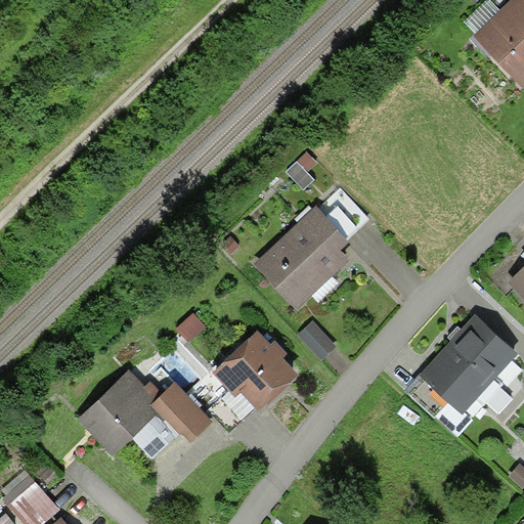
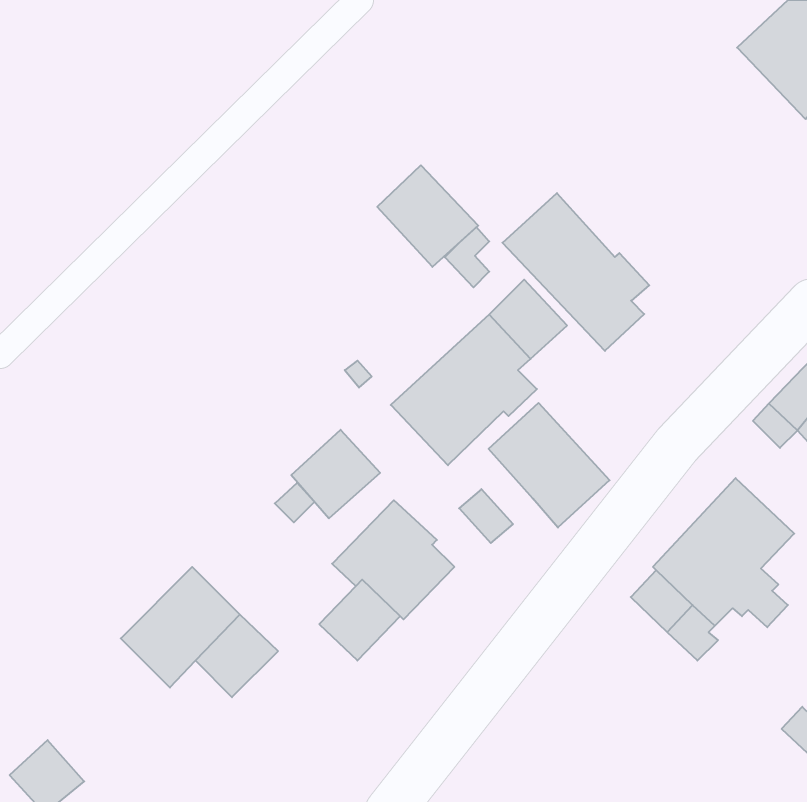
building: none -> [377,165,478,267]
building: none -> [502,193,649,351]
building: none -> [489,403,610,528]
building: none -> [291,430,380,518]
building: [158,386,208,435] -> none

